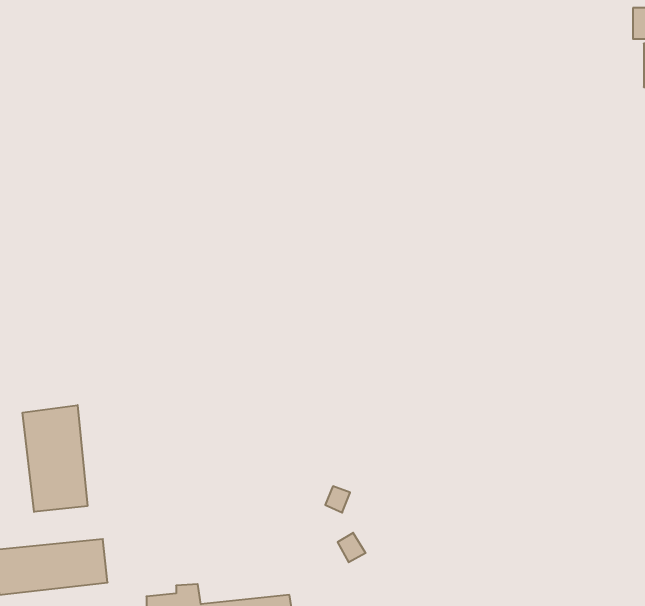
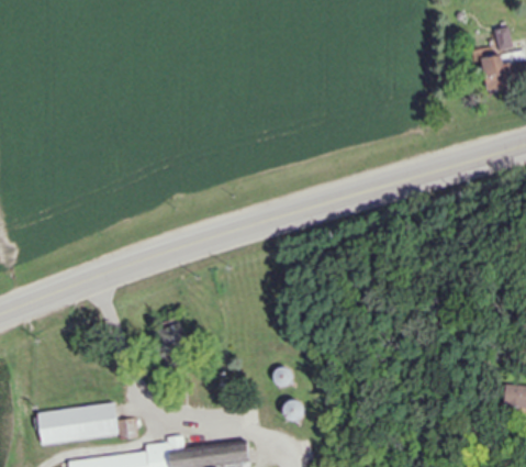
building: [23,405,87,512] -> none

